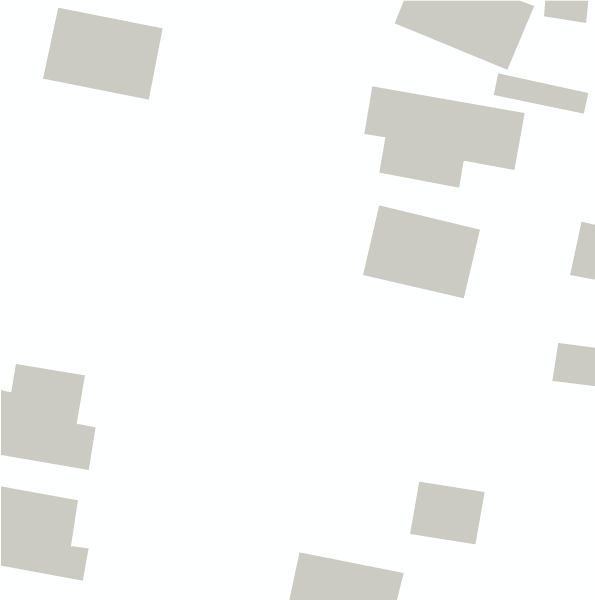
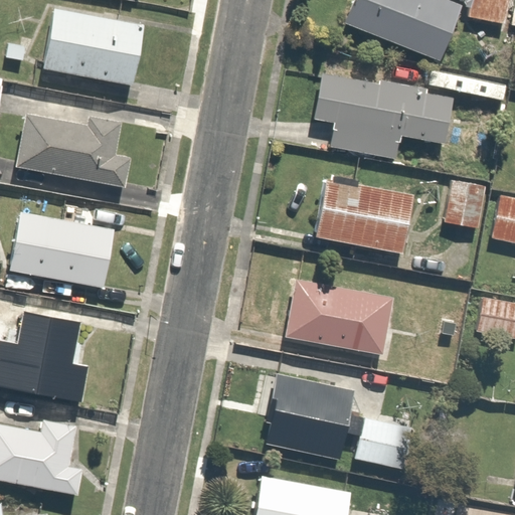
building: none -> [11,108,131,188]
building: none -> [445,175,490,225]
building: none -> [11,215,116,290]
building: none -> [284,280,393,354]
building: none -> [263,373,354,460]

